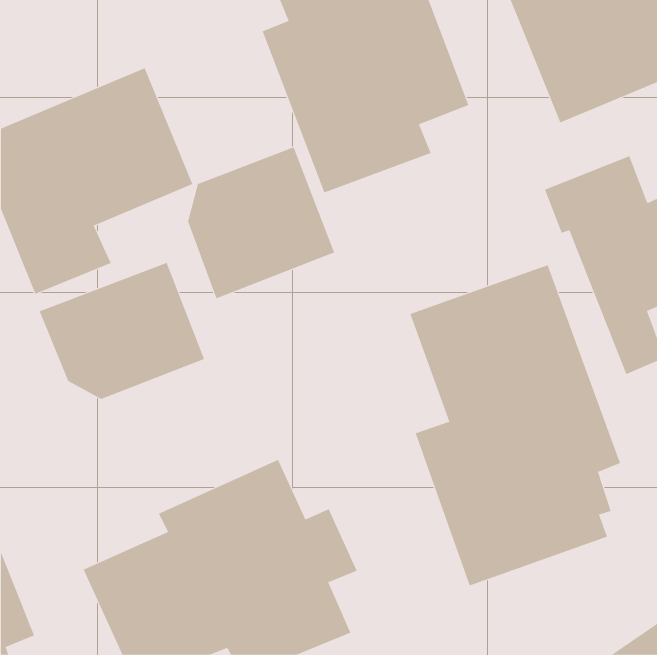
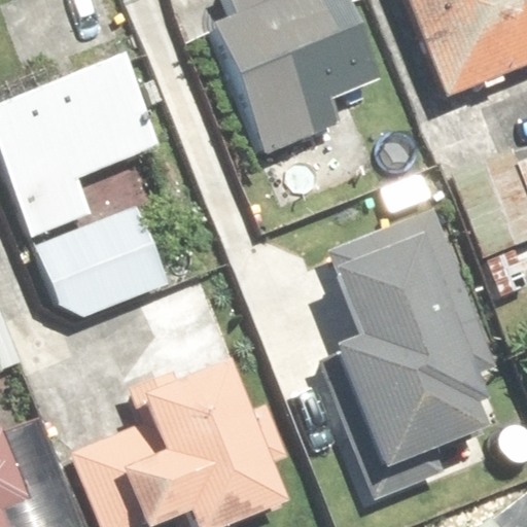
building: [187,146,335,299] -> none

